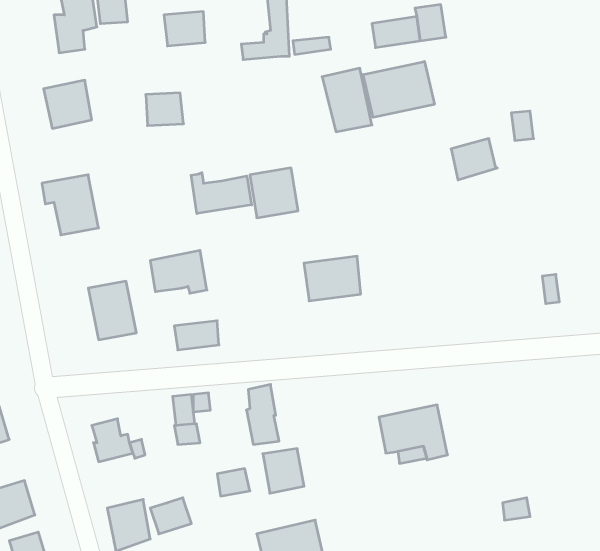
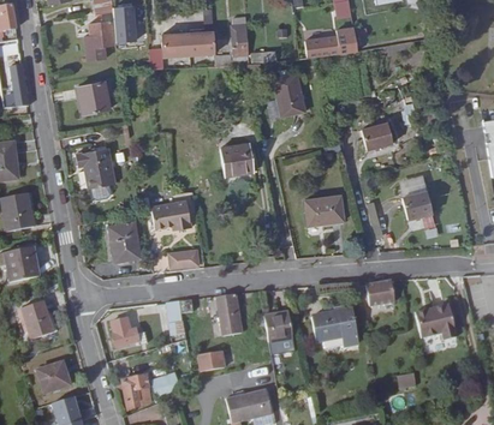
building: [363,61,434,117] -> none
building: [146,93,184,126] -> [189,31,215,54]
building: [191,173,252,214] -> none
building: none -> [403,190,433,220]
building: [304,256,361,301] -> [304,194,344,226]
building: none -> [367,280,395,305]
building: none -> [416,303,457,340]
building: [263,449,304,493] -> [264,311,293,342]

